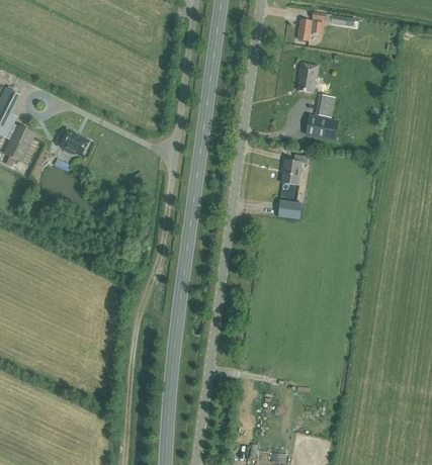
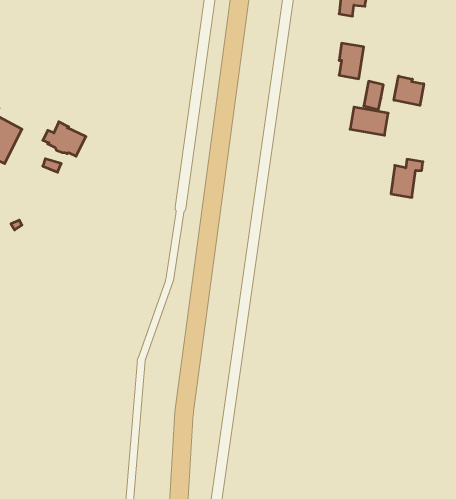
building: none -> [394,76,424,105]
building: [281,154,308,185] -> [391,159,423,197]
building: [277,199,301,218] -> none

